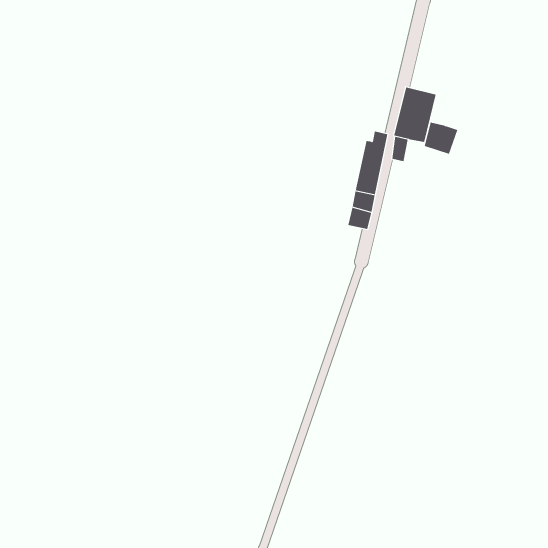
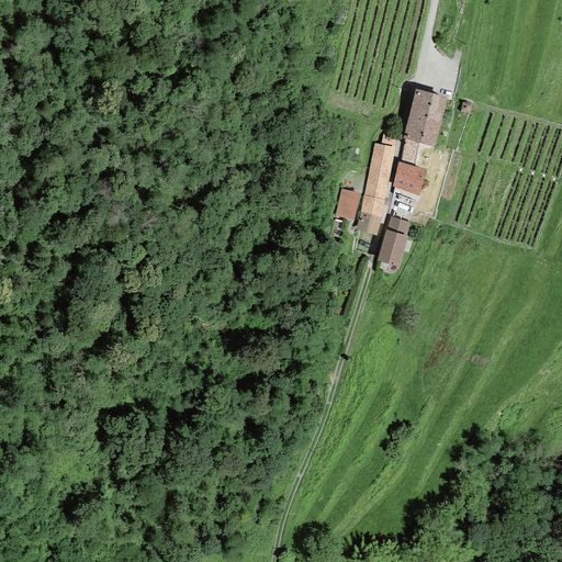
building: [424,121,458,155] -> [392,161,427,195]
building: none -> [335,189,359,220]
building: none -> [376,216,409,268]

